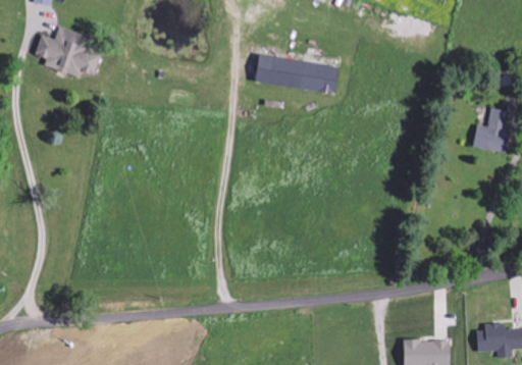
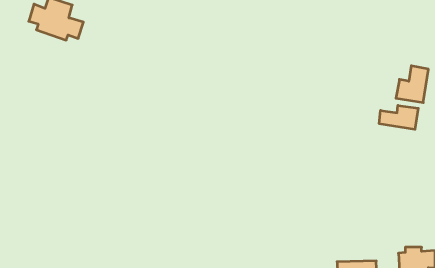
building: [254,53,338,93] -> none
building: none -> [379,105,418,129]

